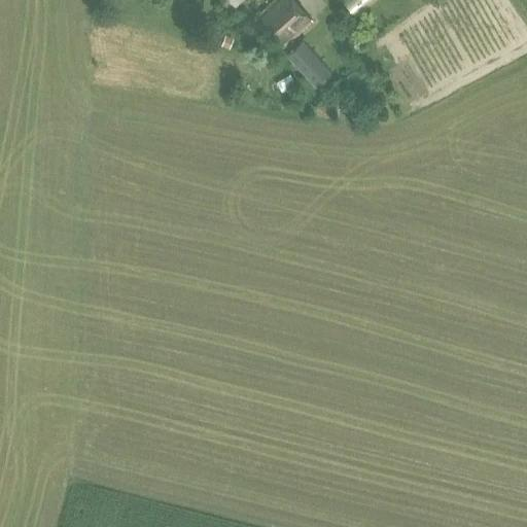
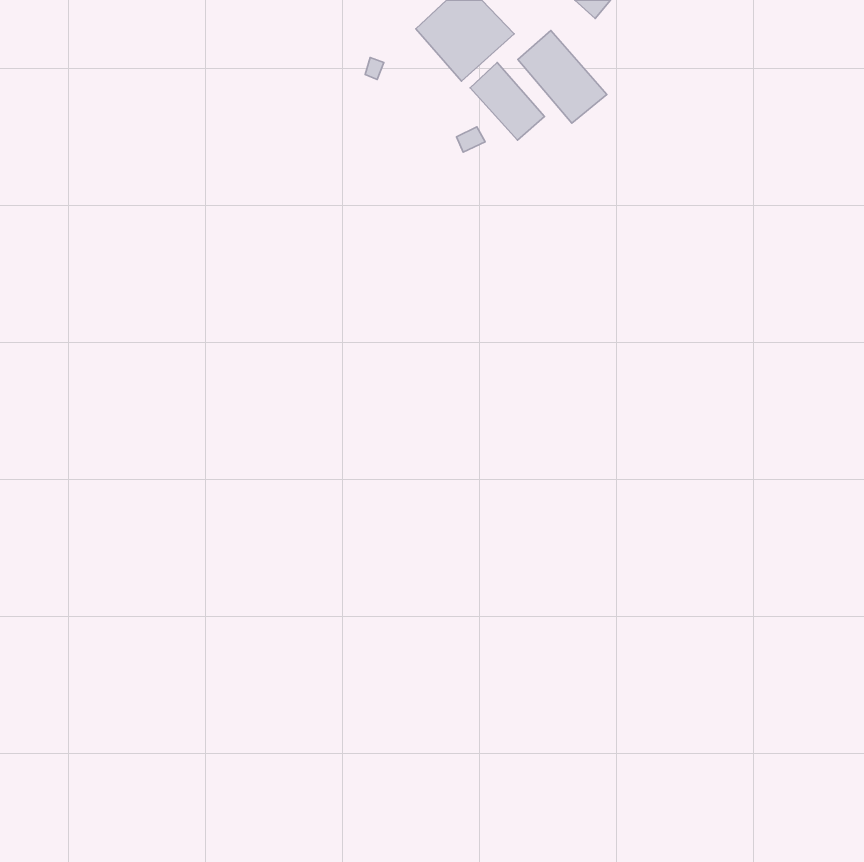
building: none -> [518,31,607,123]

